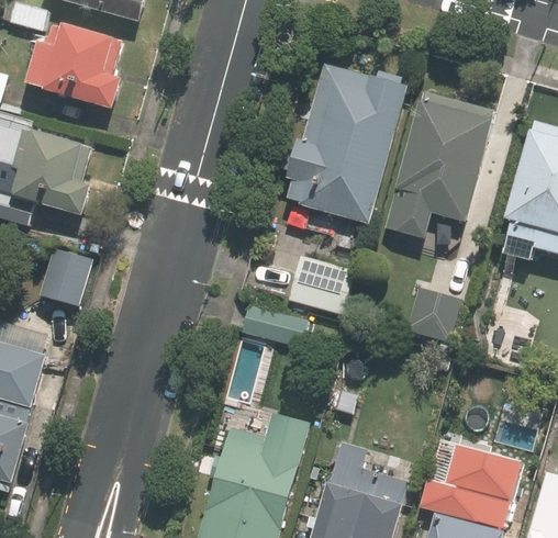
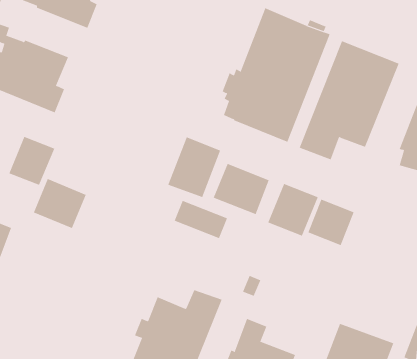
building: none -> [167,136,221,198]
building: none -> [267,183,318,236]
building: none -> [33,178,87,229]

